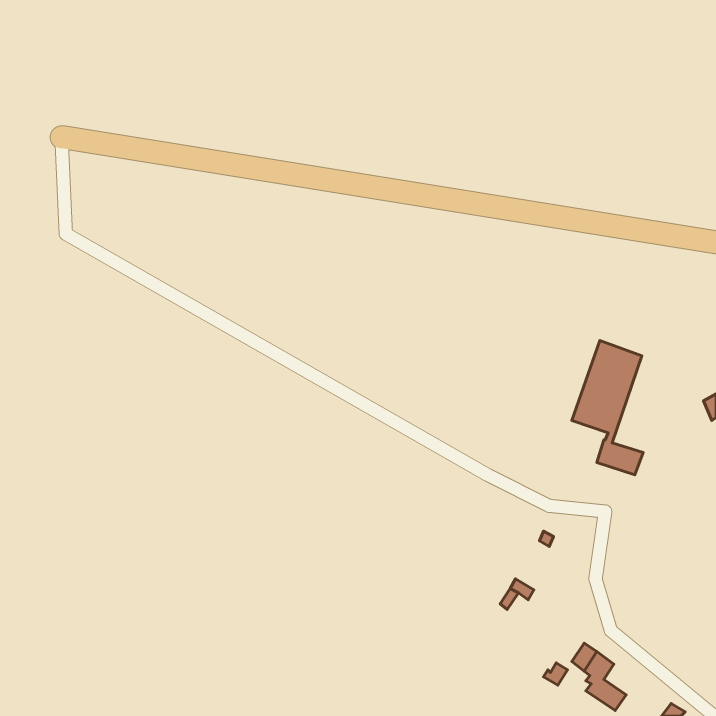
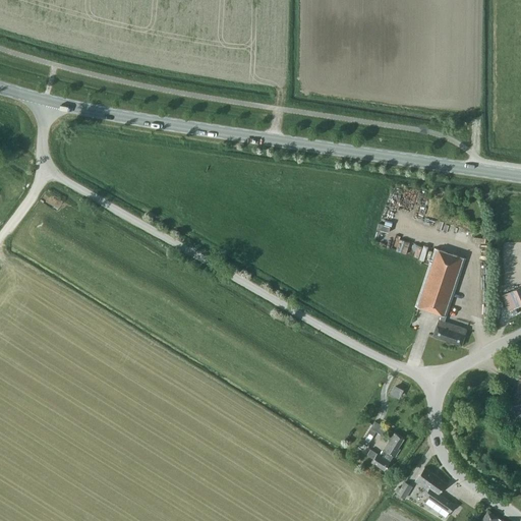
building: none -> [367,432,404,470]

